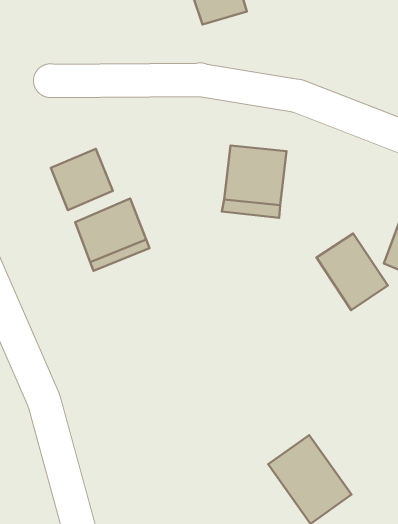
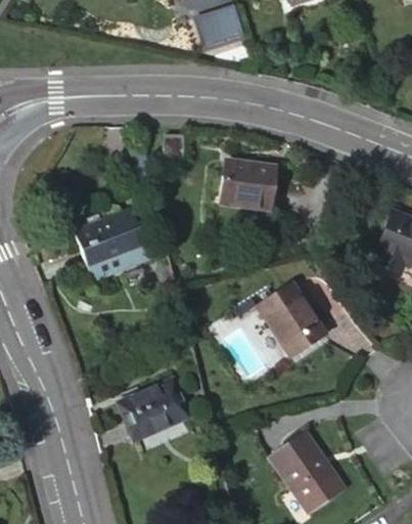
building: [51,149,113,210] -> none
building: [317,234,388,310] -> [256,287,323,359]
building: none -> [121,377,189,437]

